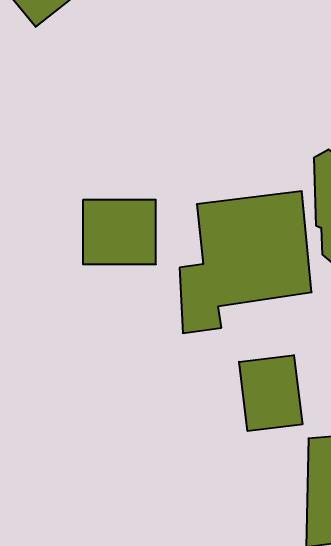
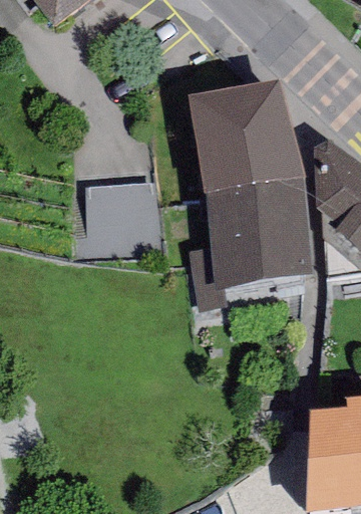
building: none -> [188,79,303,192]
building: [239,355,302,431] -> none

